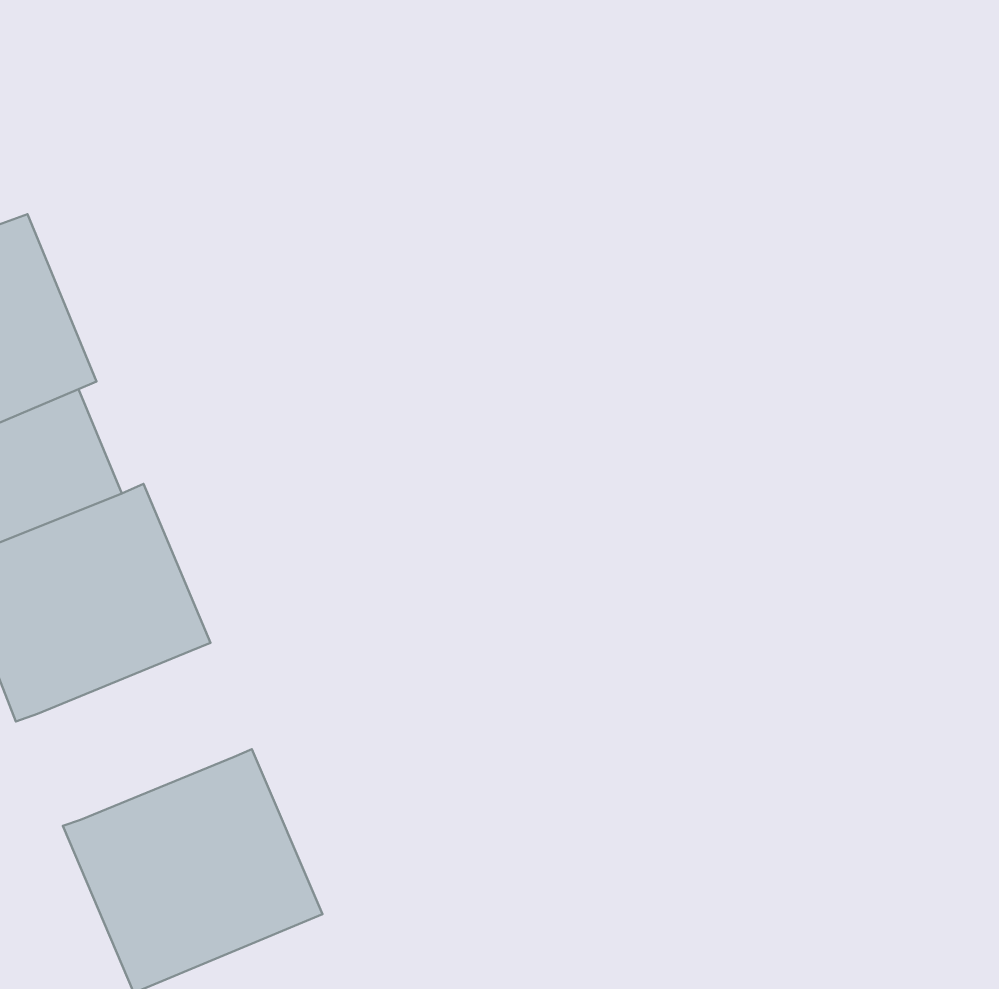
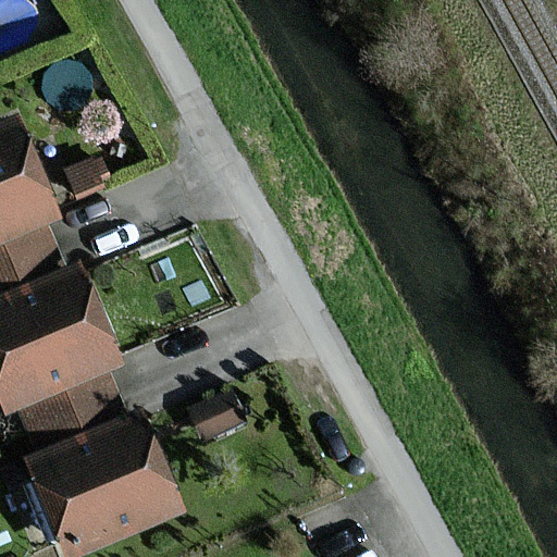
building: none -> [21,369,129,462]

